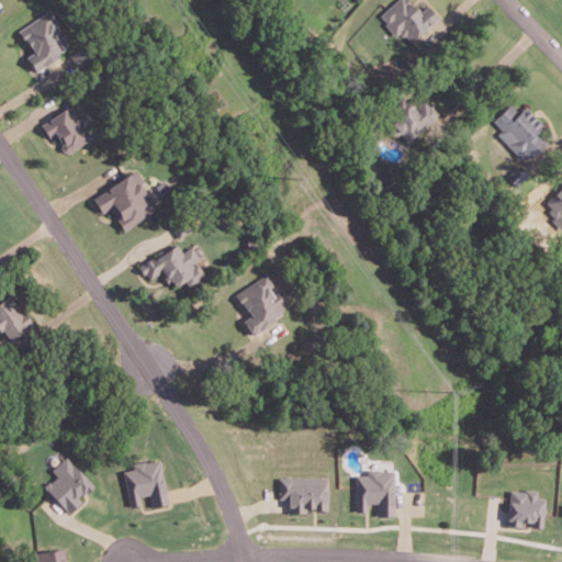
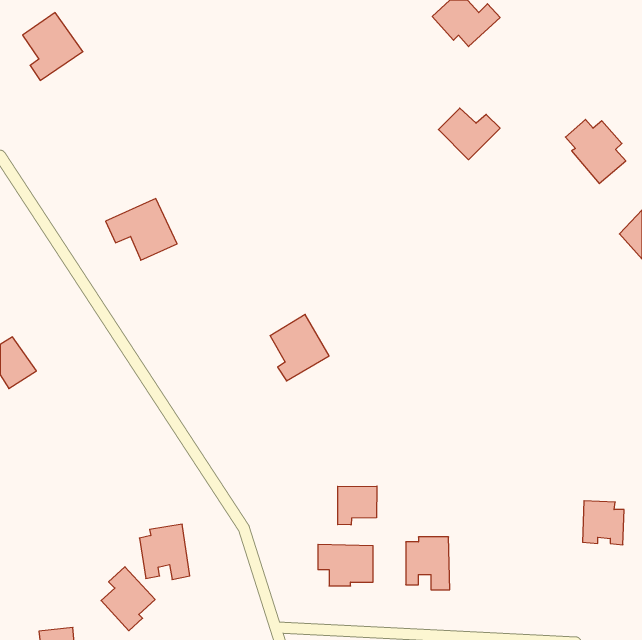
building: [42,108,90,155] -> none
building: [138,245,204,288] -> none
building: none -> [338,486,377,525]
building: [44,458,91,514] -> [101,567,155,631]
building: [507,491,543,529] -> [583,501,624,545]

